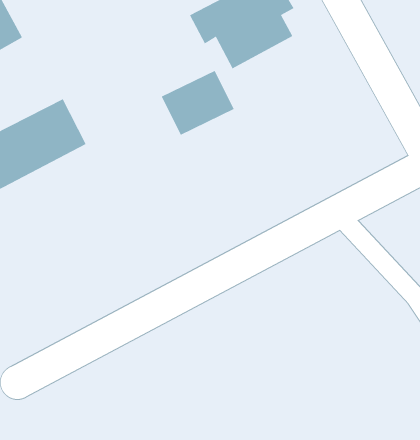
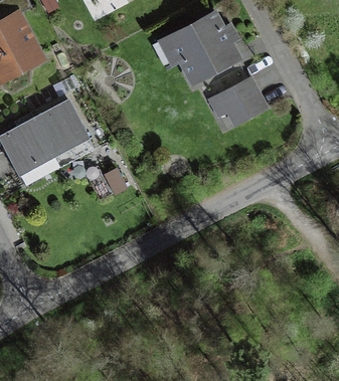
building: [161,70,234,135] -> [211,79,265,127]

